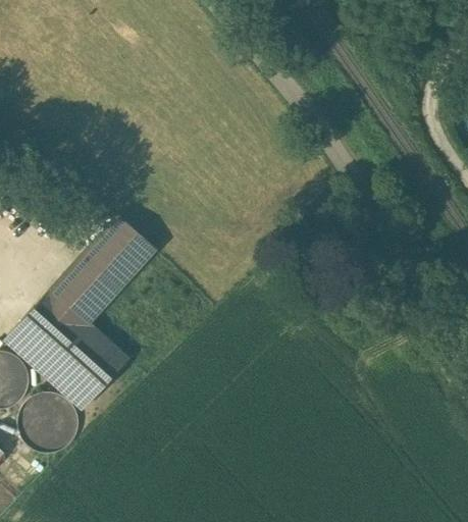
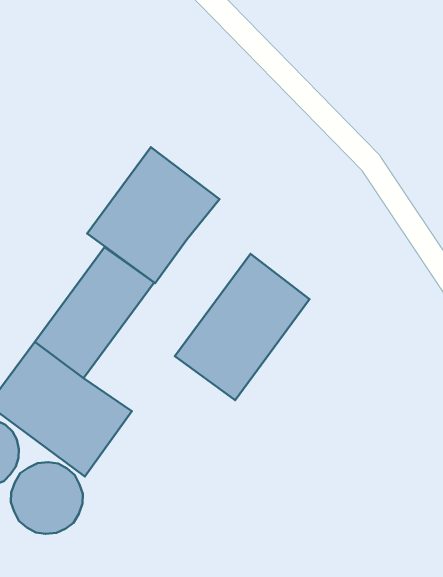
building: none -> [87,147,220,283]
building: none -> [175,254,309,400]

